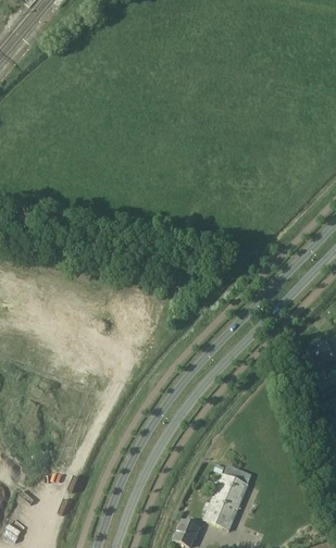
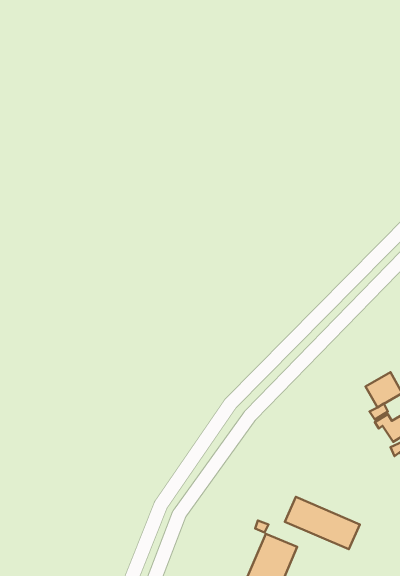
building: none -> [285,497,360,549]

